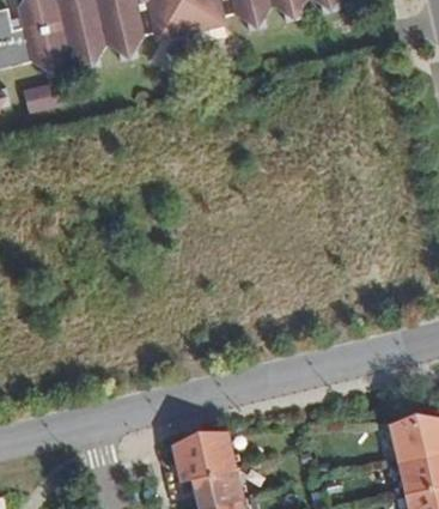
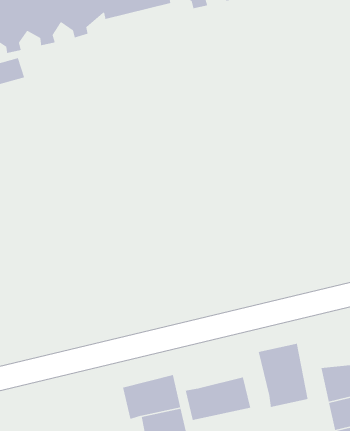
building: none -> [258,343,309,408]
building: none -> [185,376,251,421]

